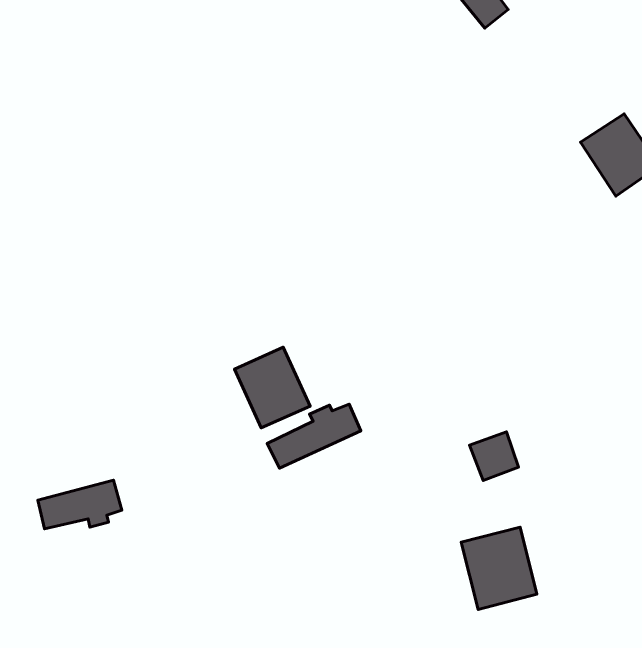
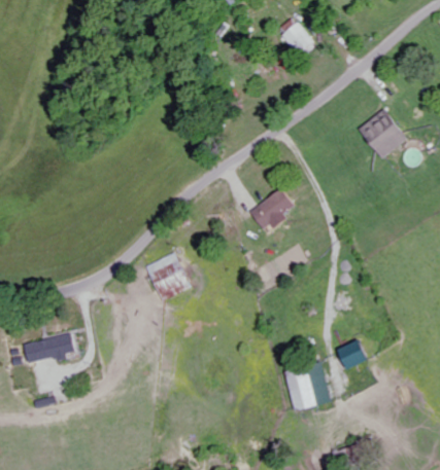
building: none -> [249,188,294,229]
building: [267,404,361,468] -> none
building: [470,432,518,481] -> [338,340,368,370]

